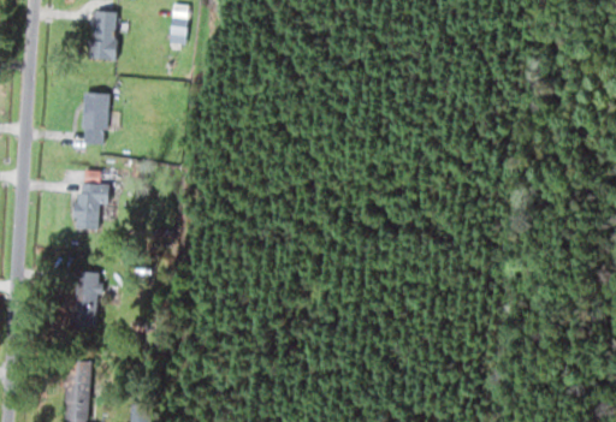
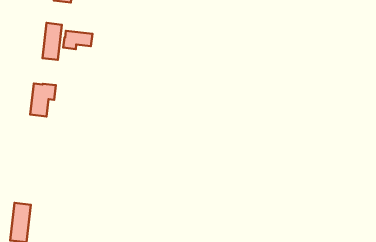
building: none -> [63,31,92,49]
building: [71,274,99,329] -> none

